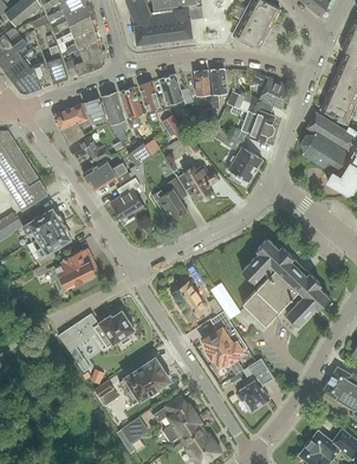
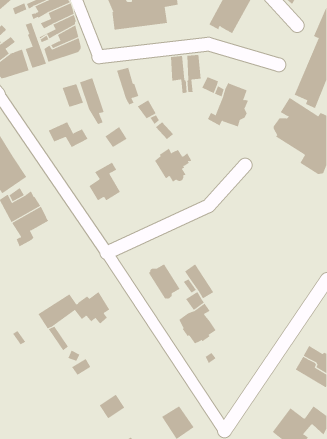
building: [252,72,288,109] -> none
building: [158,75,194,108] -> none
building: [121,88,145,128] -> none
building: [54,104,89,146] -> none
building: [218,129,262,183] -> none
building: [83,160,131,191] -> none
building: [152,179,187,220] -> none
building: [242,238,330,326] -> none
building: [35,249,98,286] -> none
building: [119,357,170,404] -> none
building: [236,359,274,412] -> none
building: [156,397,205,440] -> none

